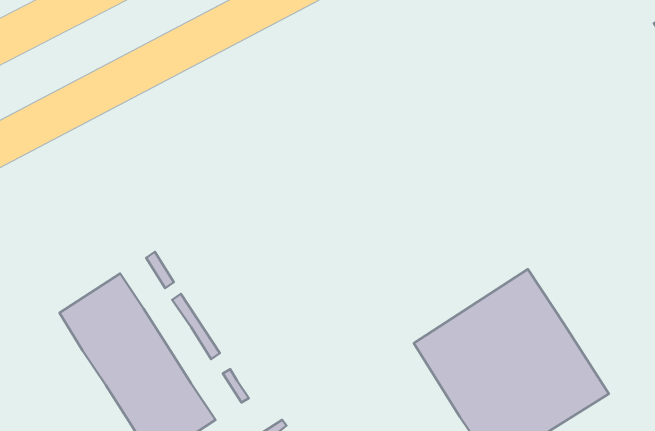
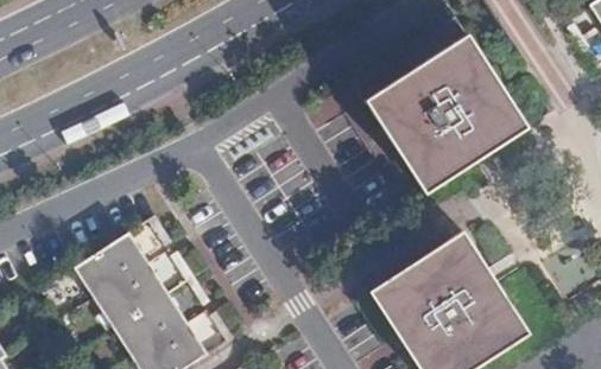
building: none -> [365,34,529,193]

